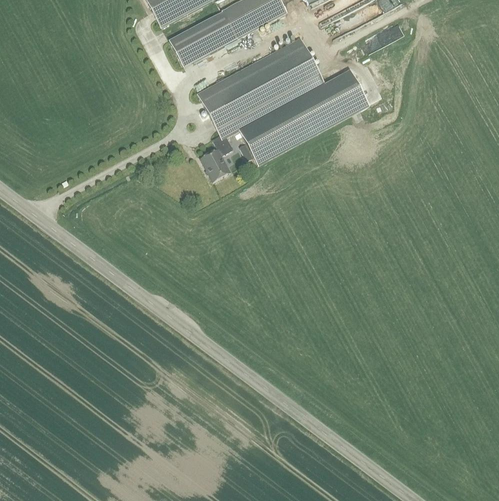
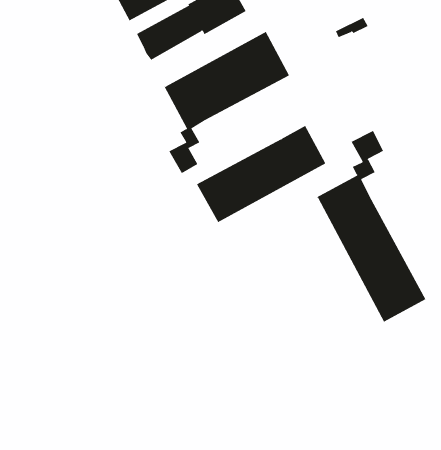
building: [239,67,371,166] -> [196,125,326,223]
building: none -> [316,130,426,323]

